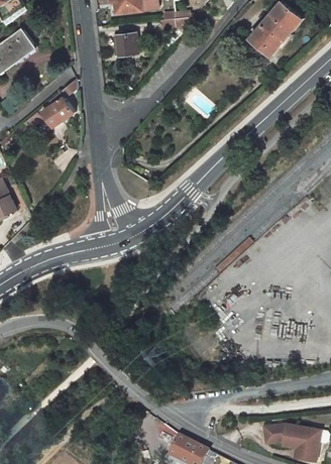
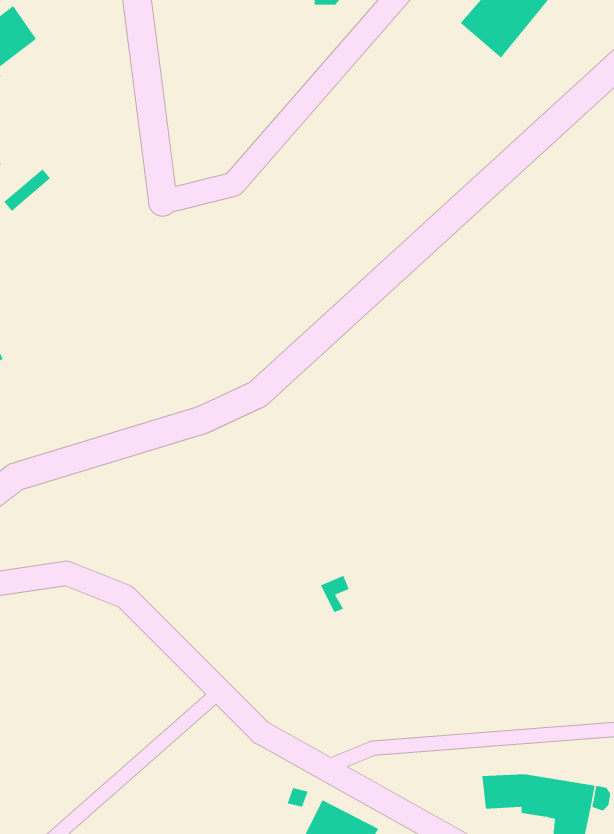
building: [114,31,136,54] -> none
building: [41,80,77,127] -> none

